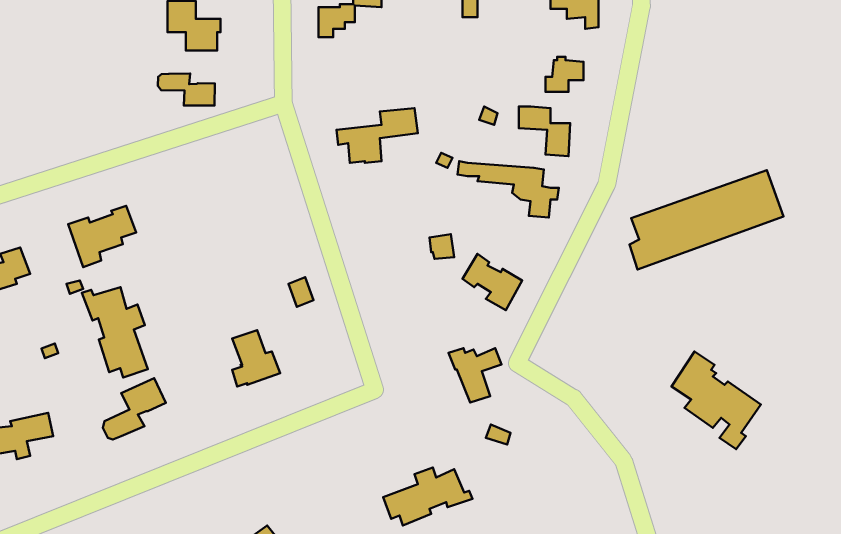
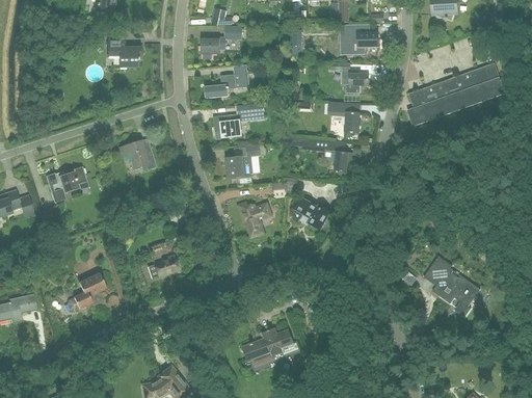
building: none -> [205,64,248,98]
building: [158,73,215,106] -> none
building: none -> [119,140,156,171]
building: [629,170,783,269] -> [407,63,504,126]
building: none -> [224,143,260,178]
building: [82,287,148,378] -> none
building: [449,348,502,403] -> [237,203,270,237]

